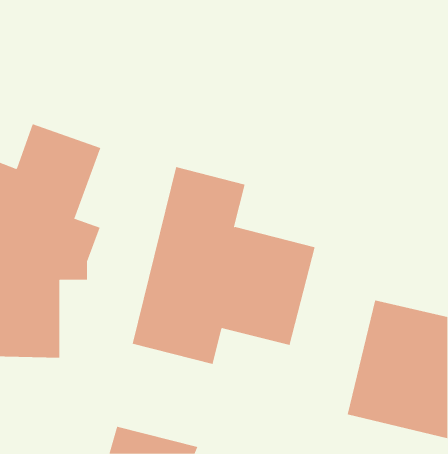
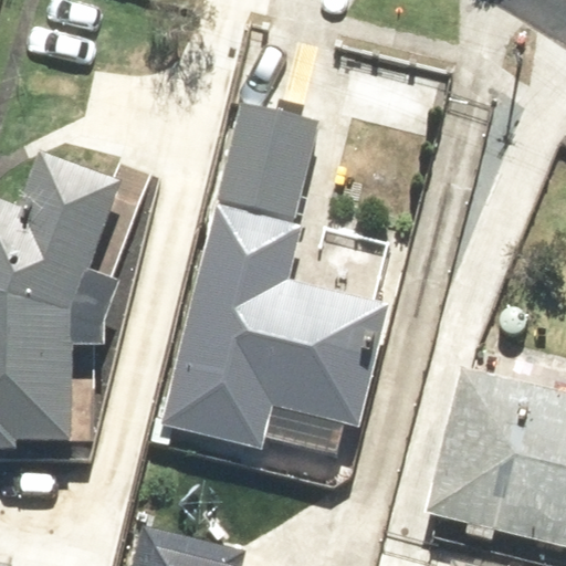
building: none -> [218,104,317,214]

